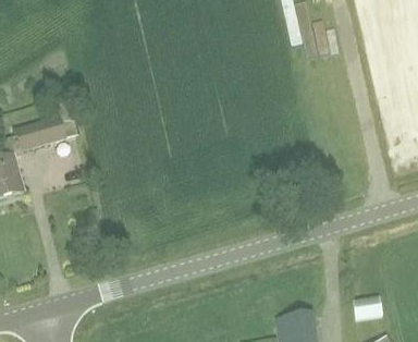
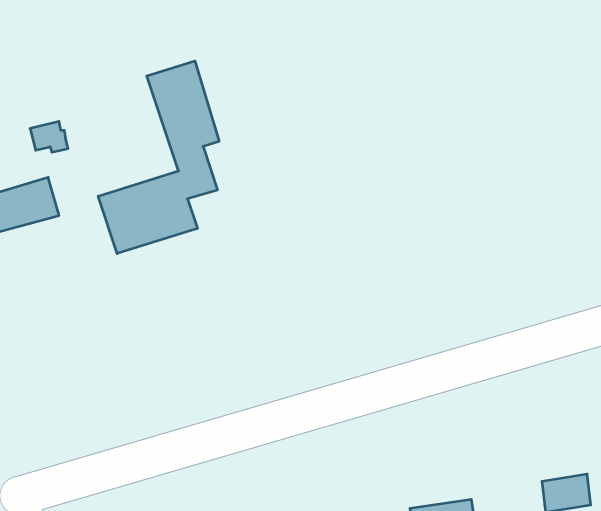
building: none -> [98,61,219,254]

